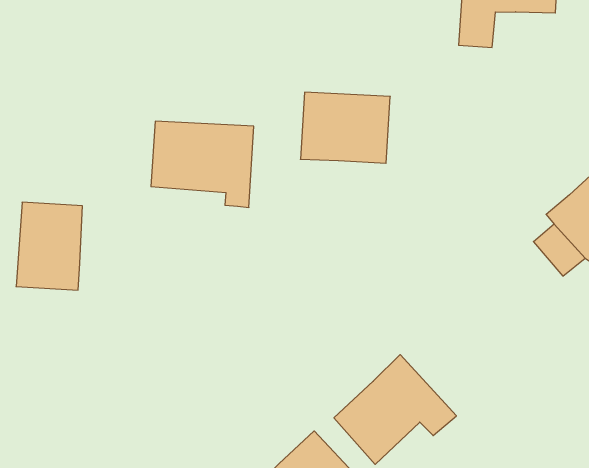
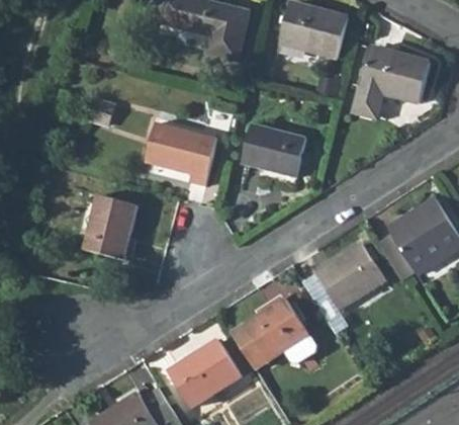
building: [16,202,82,290] -> [84,197,135,260]
building: none -> [316,242,386,308]

